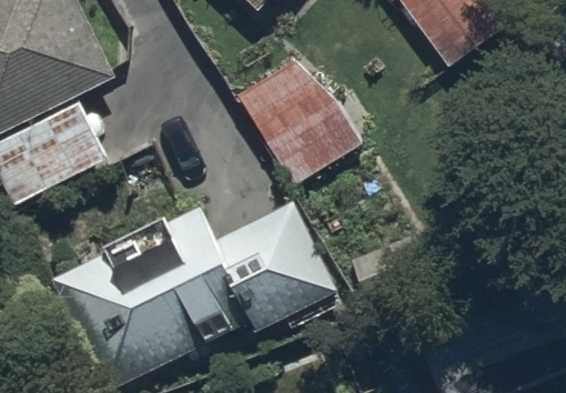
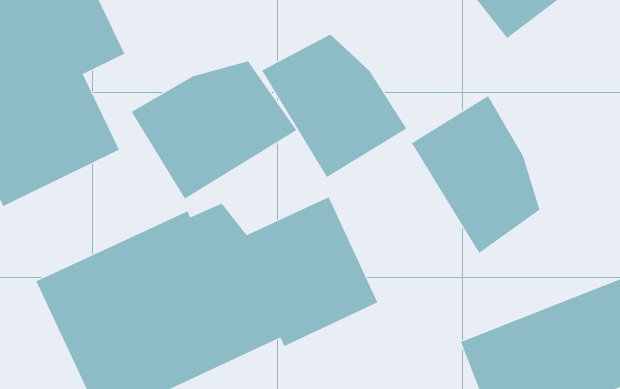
building: none -> [131,60,297,199]
building: none -> [411,95,540,254]

